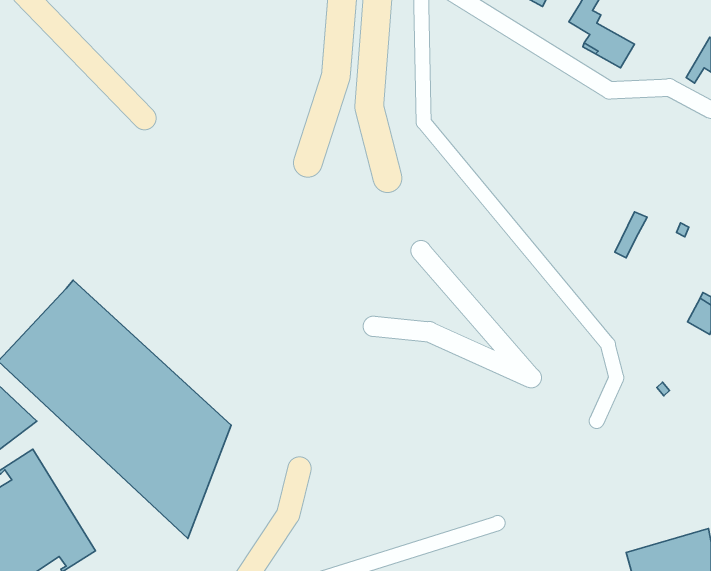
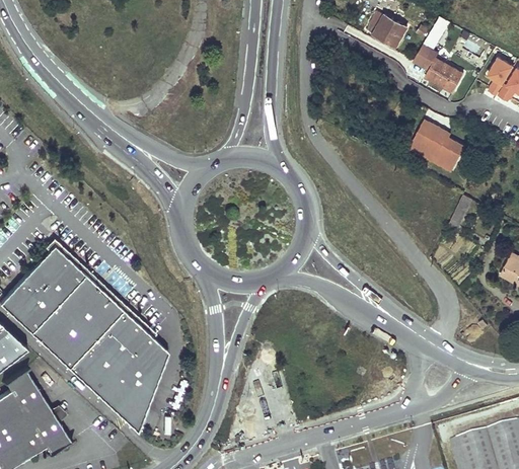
building: none -> [488,59,513,96]
building: none -> [413,125,464,166]

